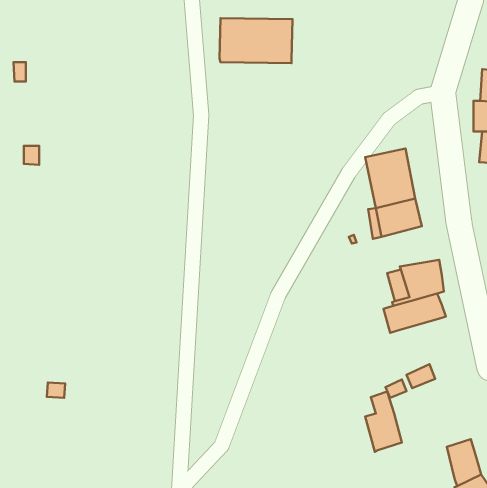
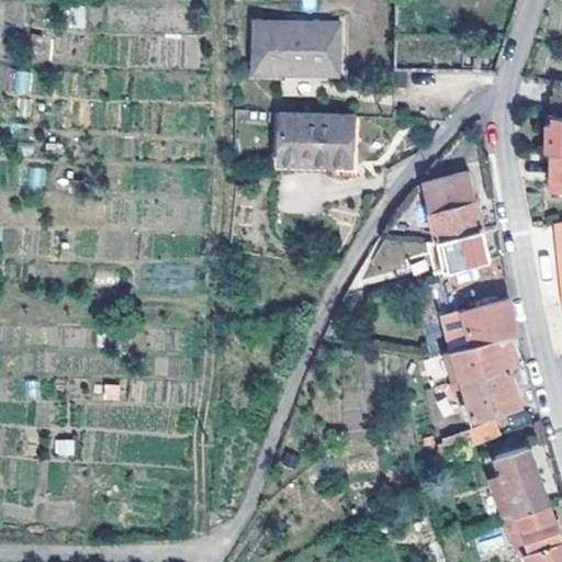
building: none -> [281,113,356,168]
building: none -> [461,367,518,418]
building: [365,392,402,452] -> [501,447,542,516]

